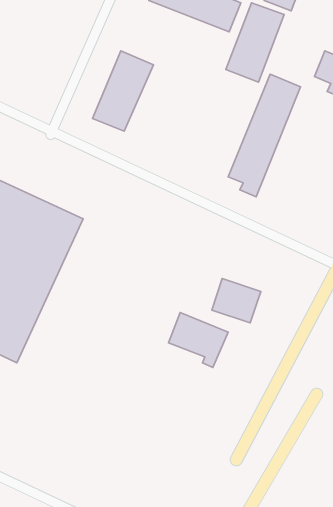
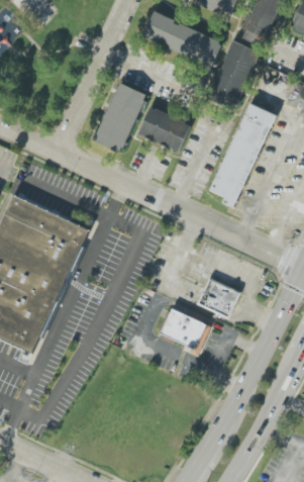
building: none -> [138,107,190,151]

